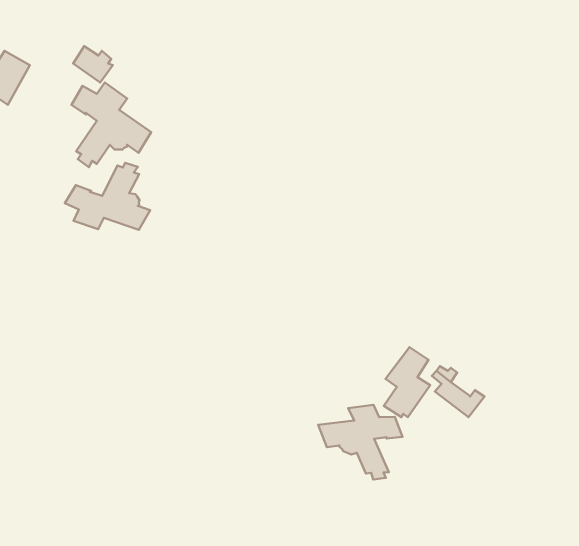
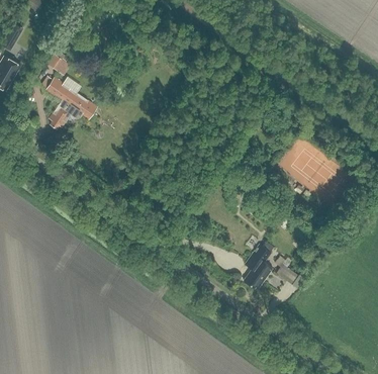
building: [65,163,150,230] -> none
building: [318,405,402,479] -> none

